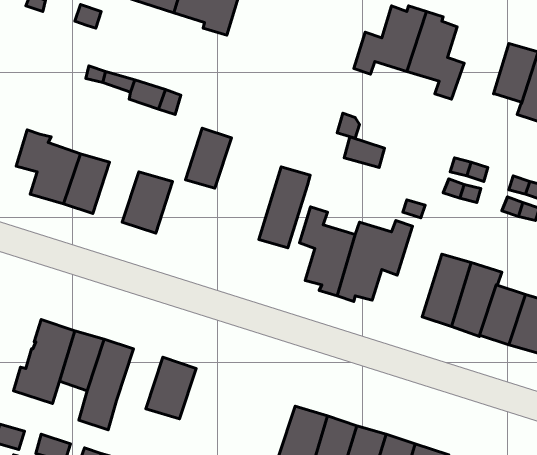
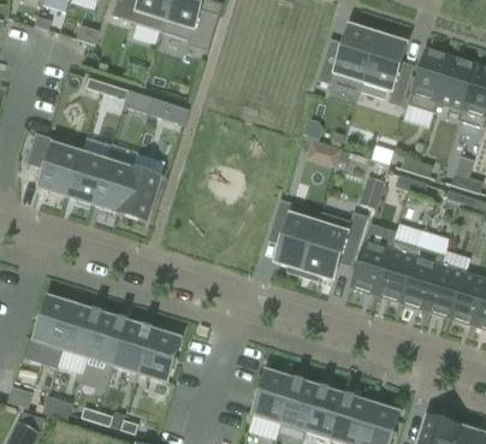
building: none -> [408,48,450,111]
building: [185,128,231,188] -> [91,159,131,211]
building: [259,167,310,248] -> [350,223,395,292]
building: none -> [112,320,152,372]

